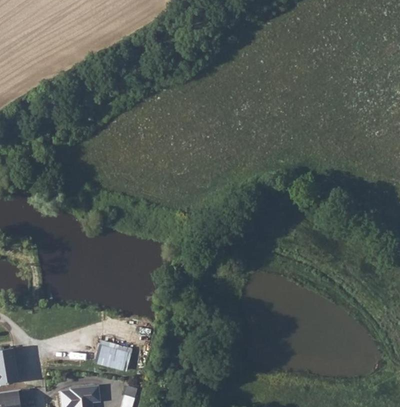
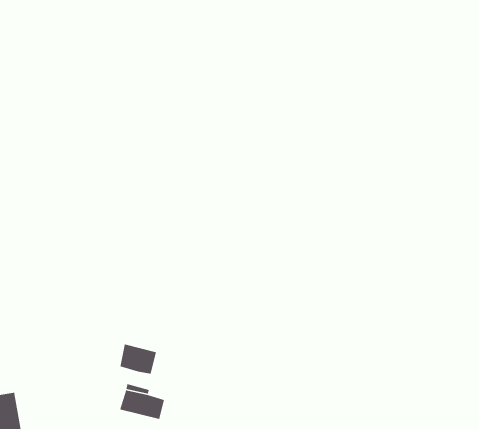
building: none -> [119,343,157,375]

